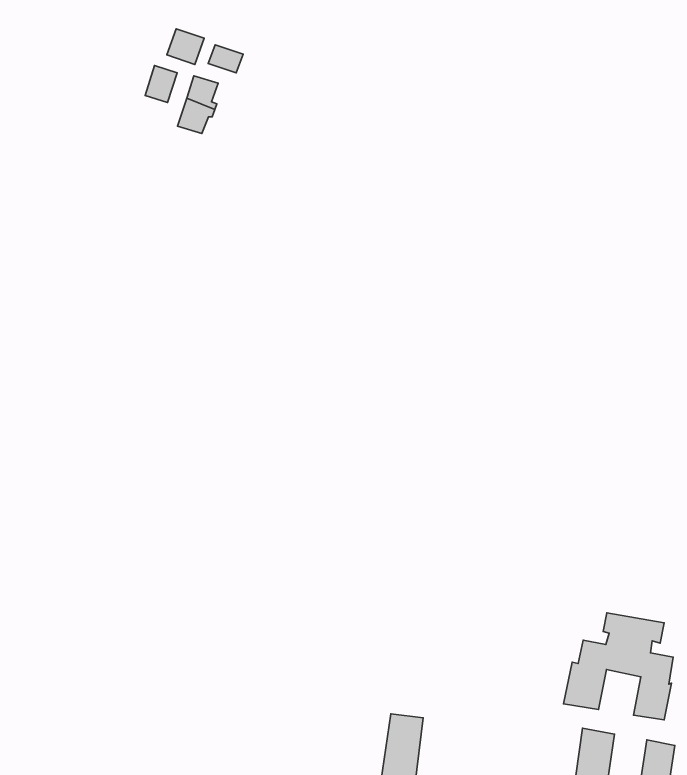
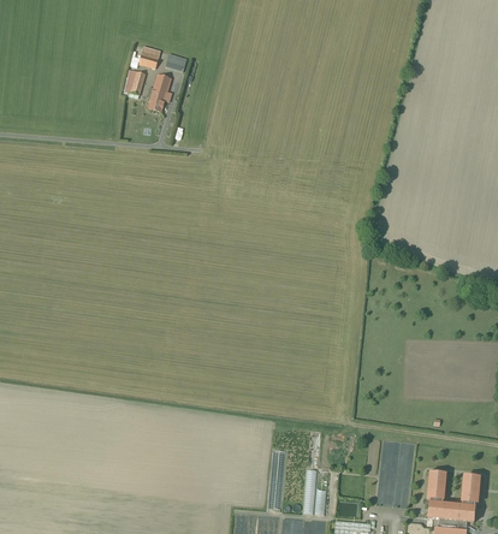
building: [564,613,673,720] -> none

